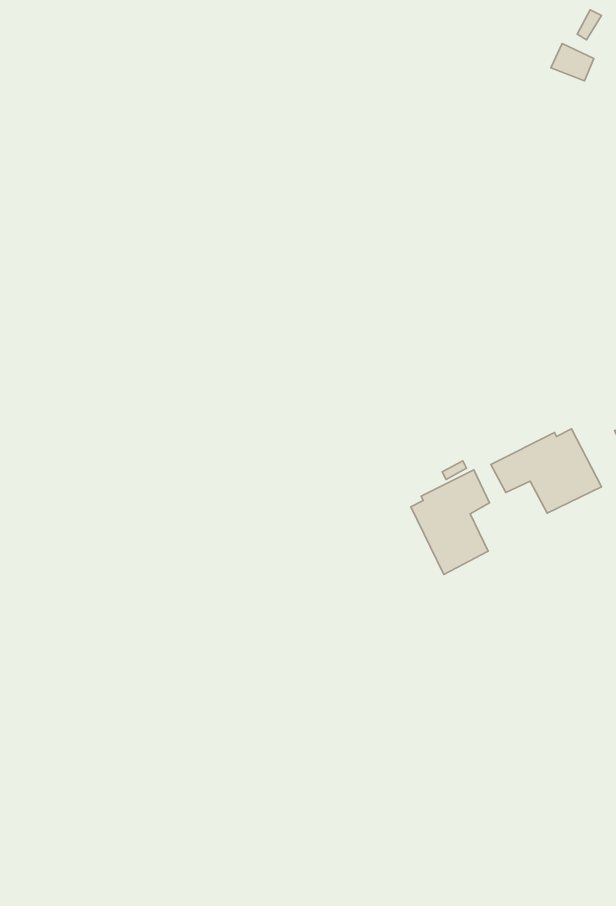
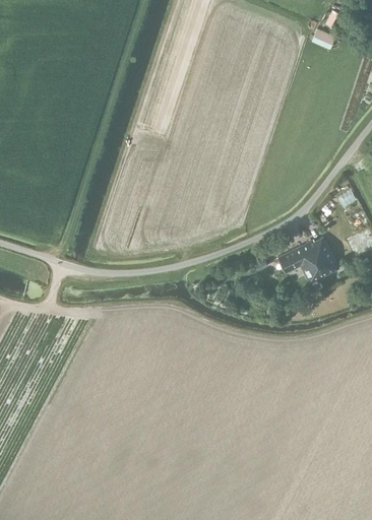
building: [411,470,490,574] -> none

